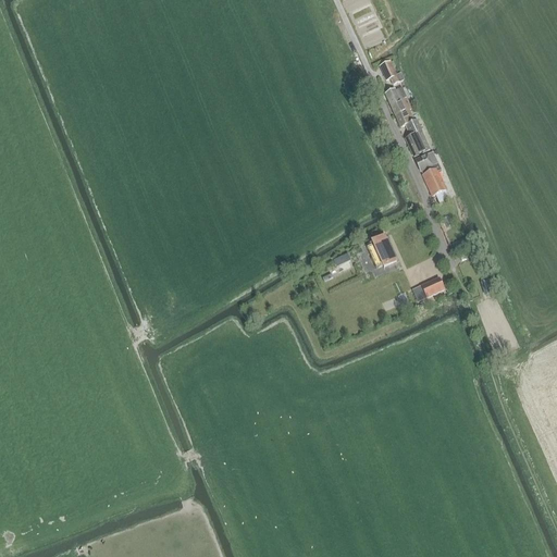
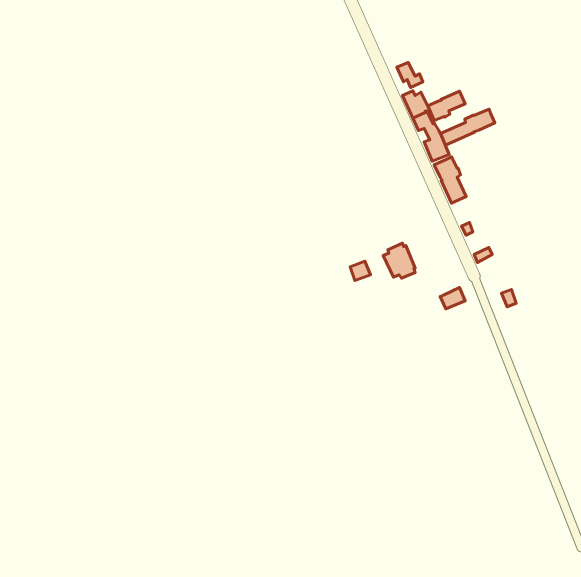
building: none -> [428,91,465,121]
building: none -> [440,109,495,145]

